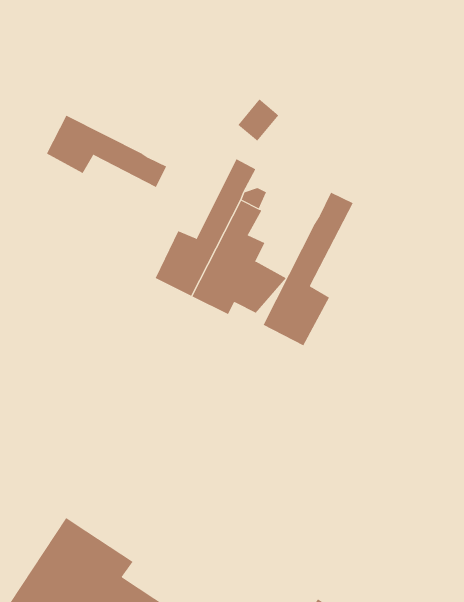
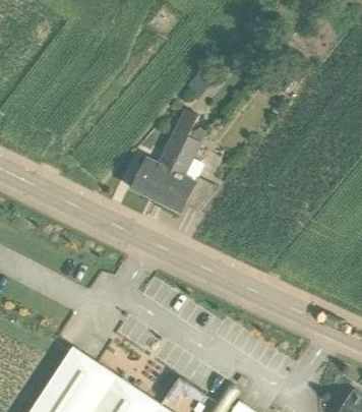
building: [46,115,167,188] -> none
building: [263,192,354,346] -> none

